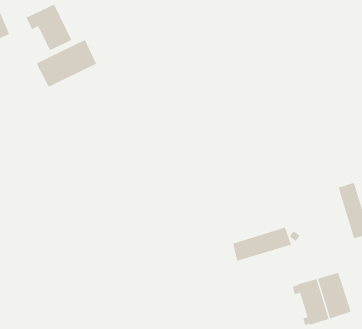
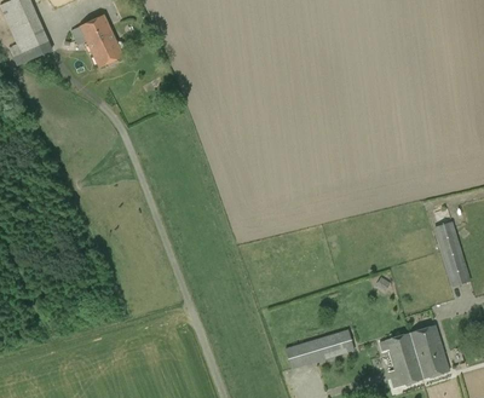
building: [36,39,97,87] -> none
building: [232,227,292,261] -> [286,329,355,369]

